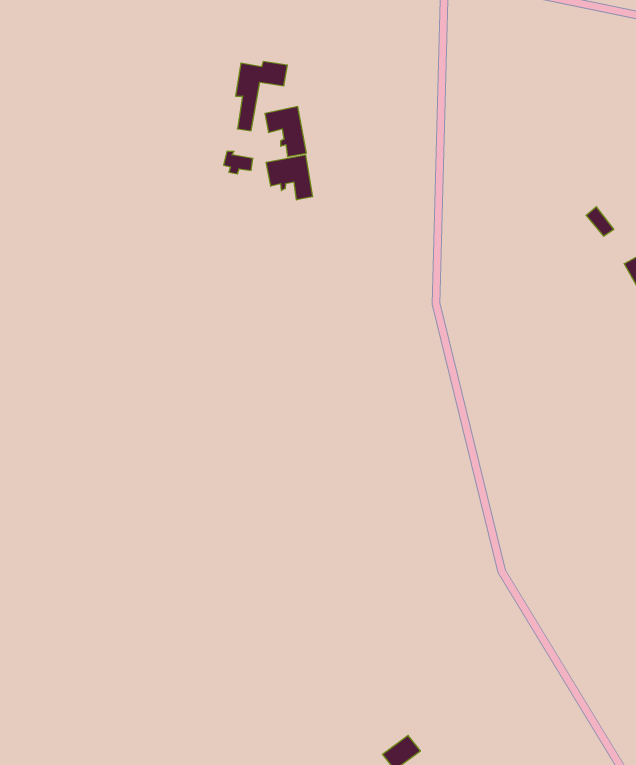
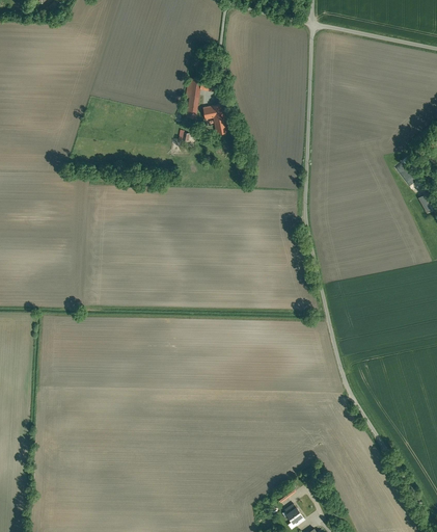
building: [266,155,313,200] -> none

